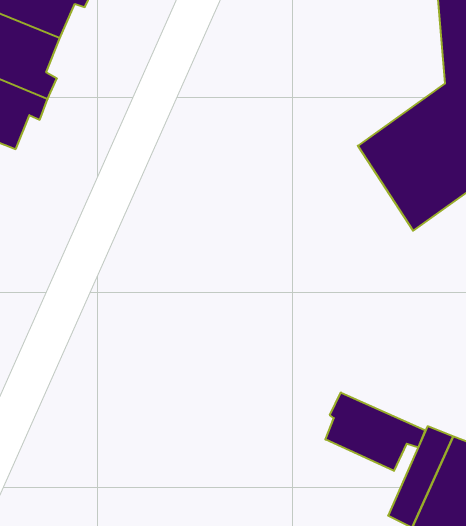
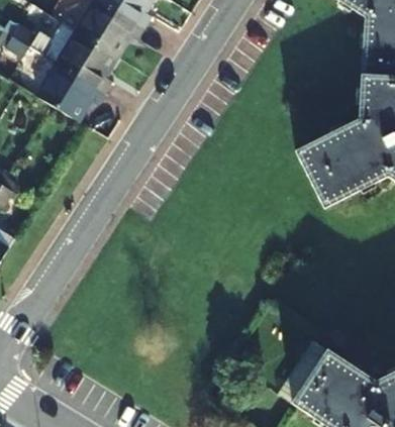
building: [325,392,425,471] -> none

